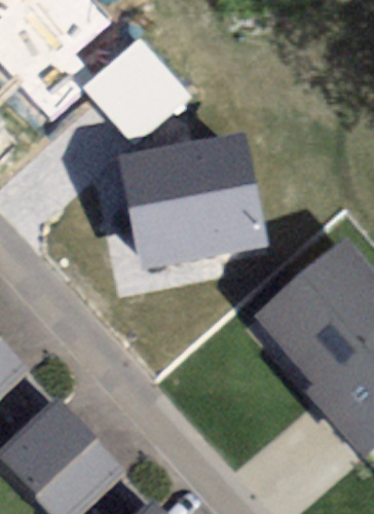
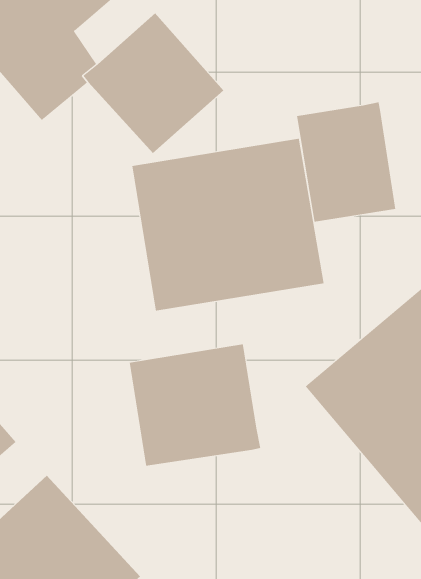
building: none -> [297,102,396,222]
building: none -> [129,344,261,466]

